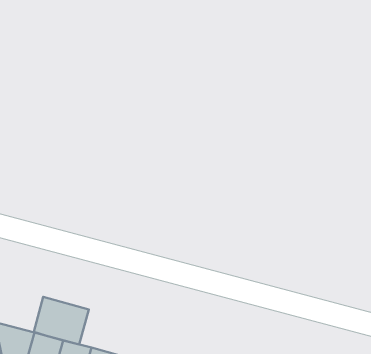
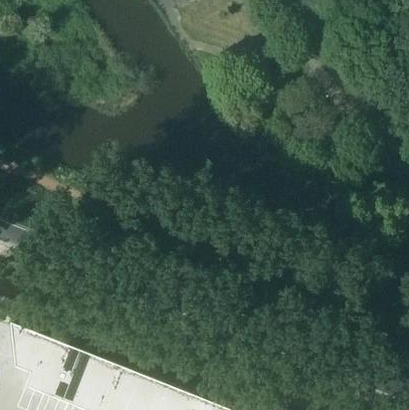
building: [34,297,89,345] -> none

